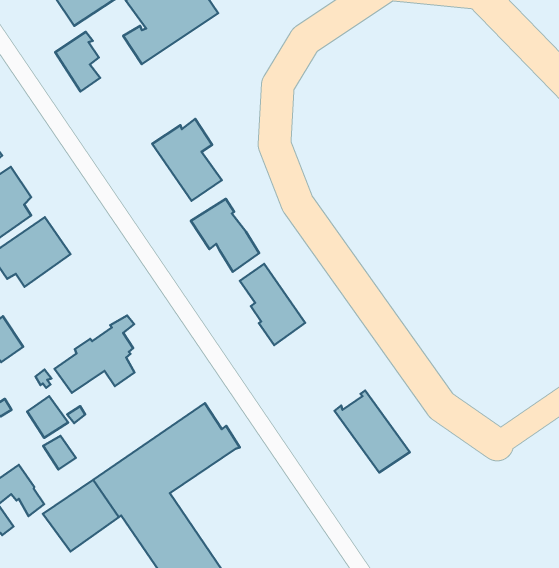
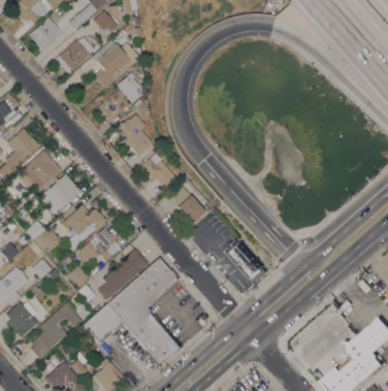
building: [55,32,100,92] -> [117,72,141,103]
building: none -> [61,204,105,251]
building: none -> [97,248,148,300]

